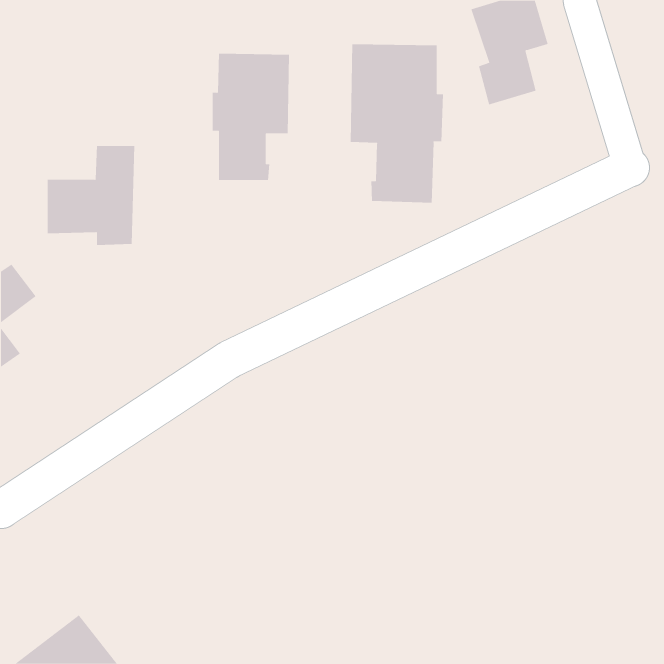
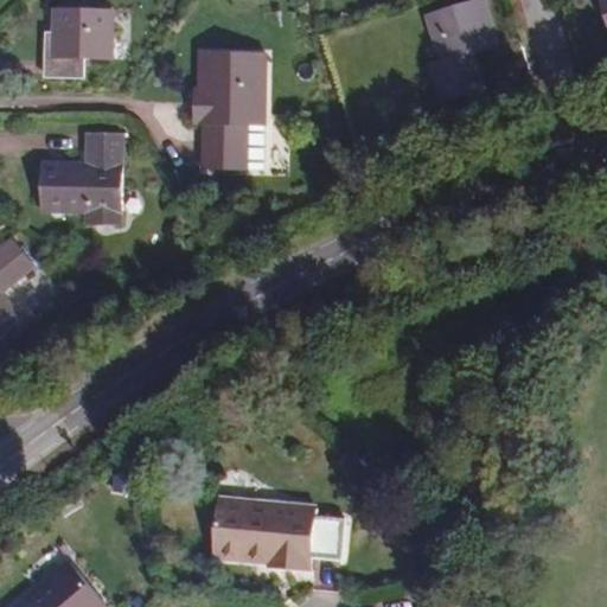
building: none -> [39,11,108,79]
building: [350,44,443,204] -> none
building: none -> [217,498,346,568]

